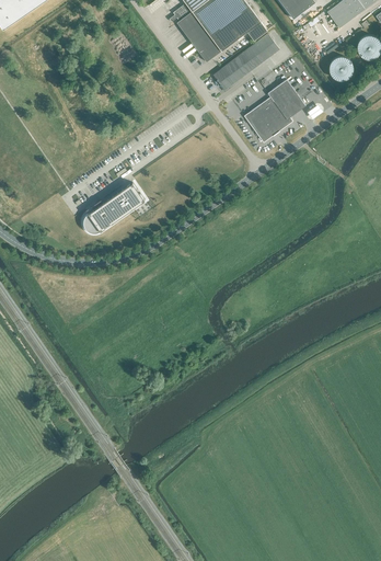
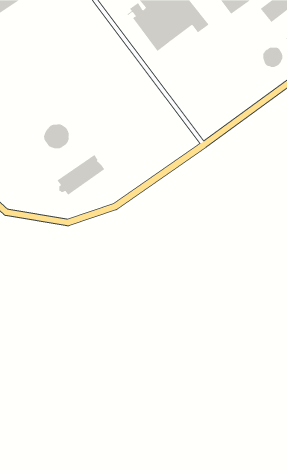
building: [212,33,279,90] -> none
building: [244,79,305,141] -> none
building: none -> [43,124,69,149]

